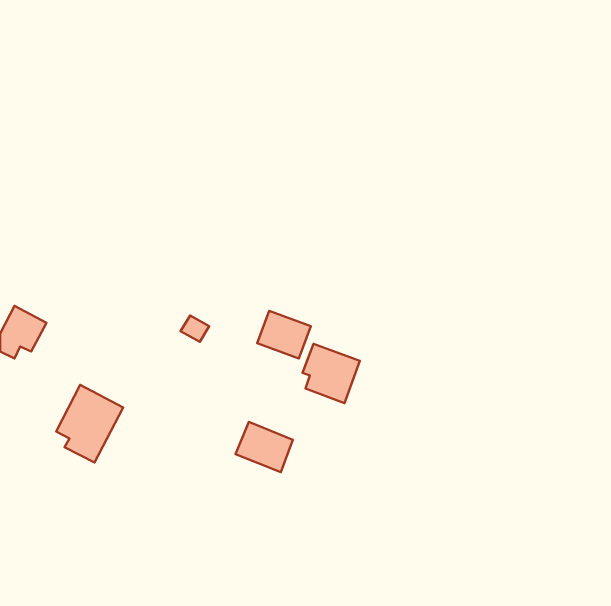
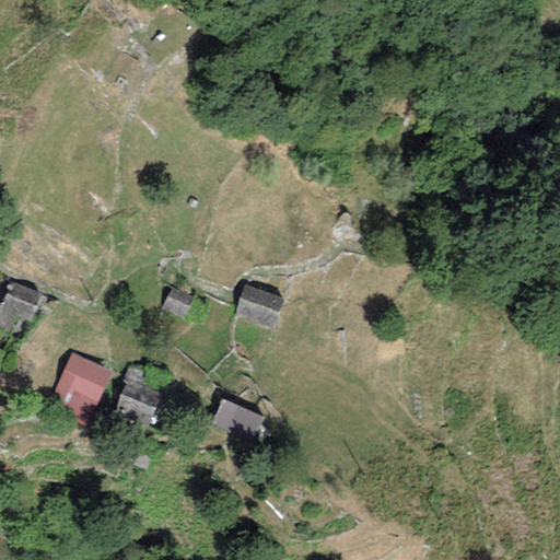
building: [303,344,360,403] -> none
building: none -> [116,380,158,420]

